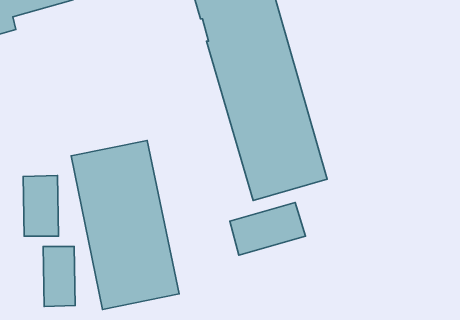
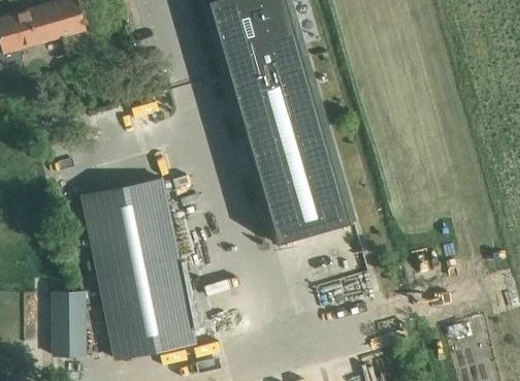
building: [23,175,58,236] -> none
building: [230,203,305,255] -> none

